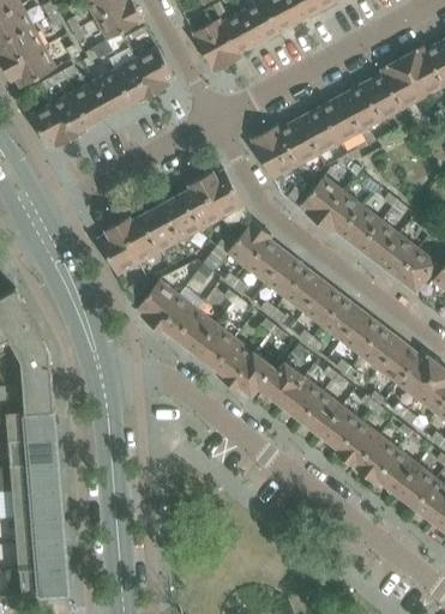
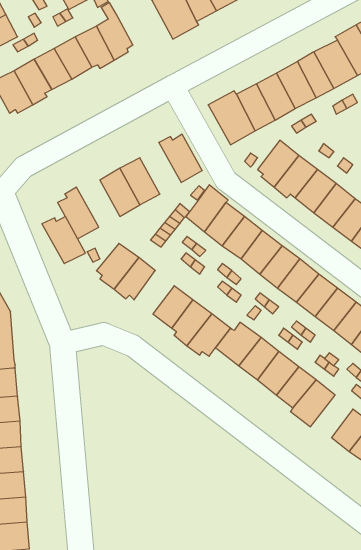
building: [181,176,223,229] -> none
building: [116,215,161,263] -> [42,217,85,264]
building: [175,307,216,351] -> none
building: [355,434,398,481] -> none

